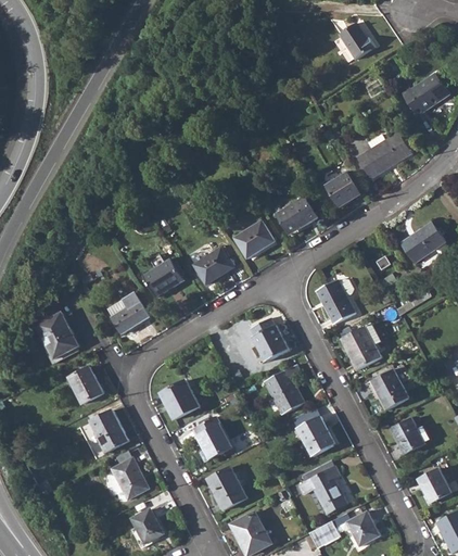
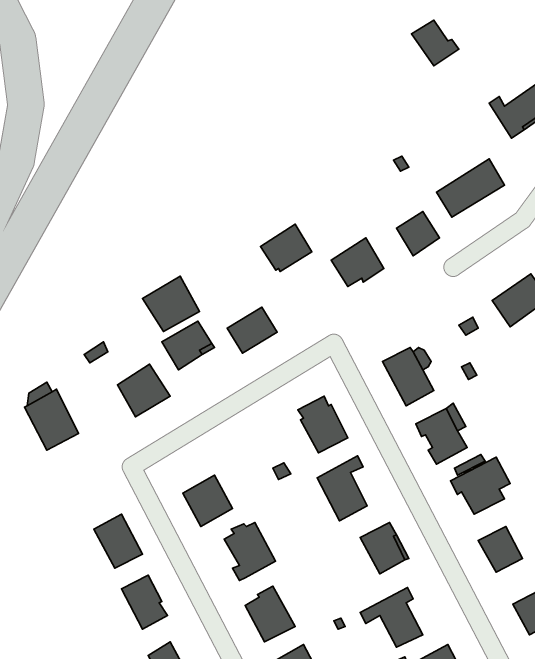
building: [236,223,276,260] -> [261,224,312,271]
building: none -> [143,276,200,331]
building: [68,366,103,403] -> none

